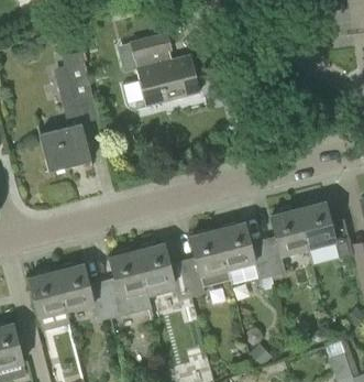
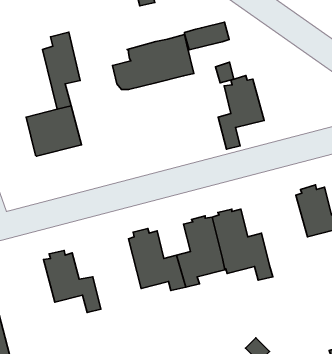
building: [129,33,172,59] -> [184,22,229,50]
building: [264,206,308,276] -> [218,76,264,149]
building: [102,248,151,318] -> none
building: [27,269,70,331] -> none

